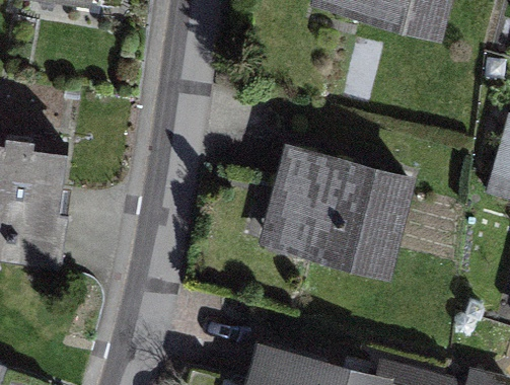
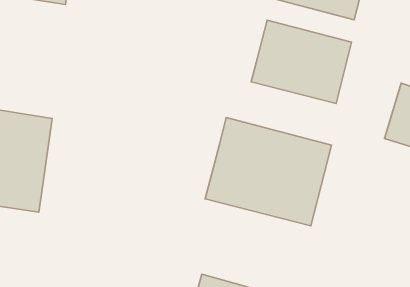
building: none -> [251,20,352,103]

